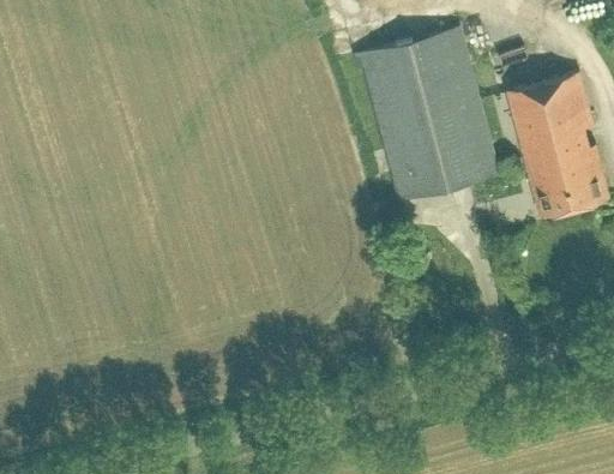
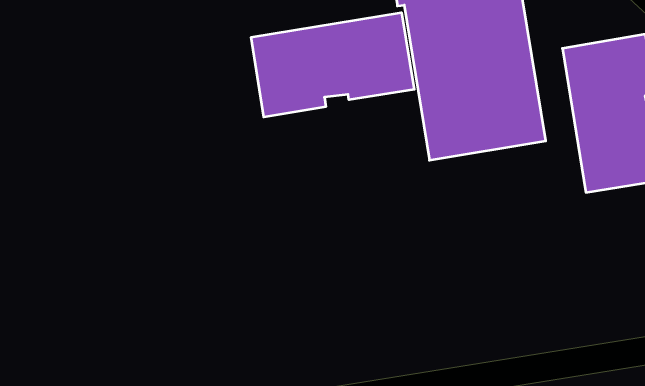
building: none -> [251,13,414,117]

